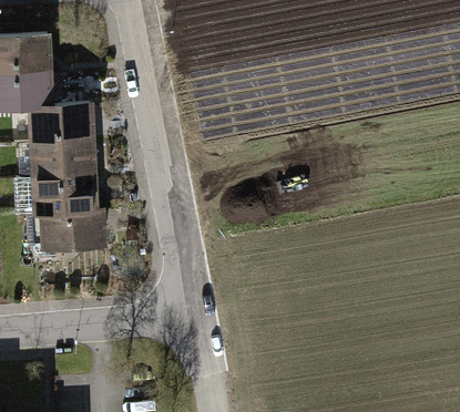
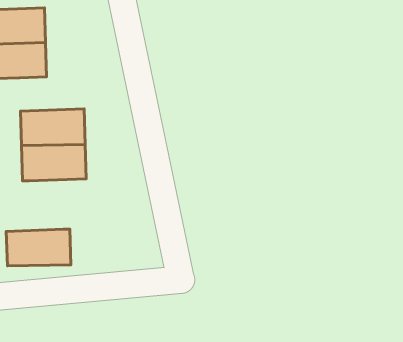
building: [25,105,94,143] -> none
building: [35,215,104,254] -> [6,229,71,266]

